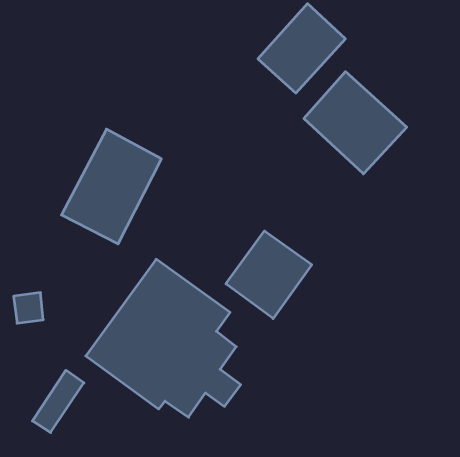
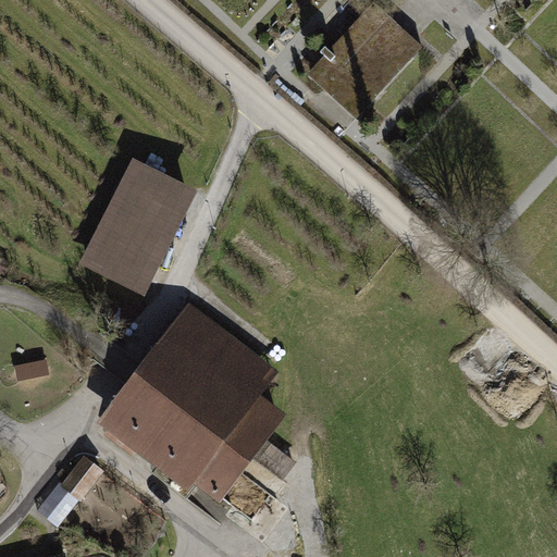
building: [304,72,407,174] -> none
building: [226,231,312,319] -> none

